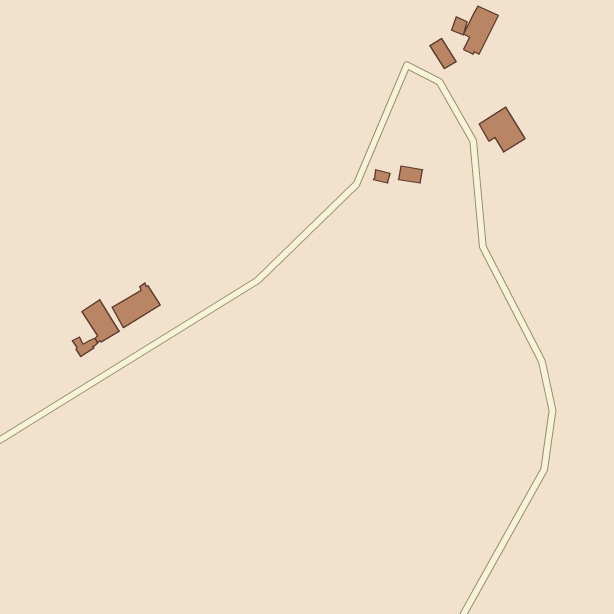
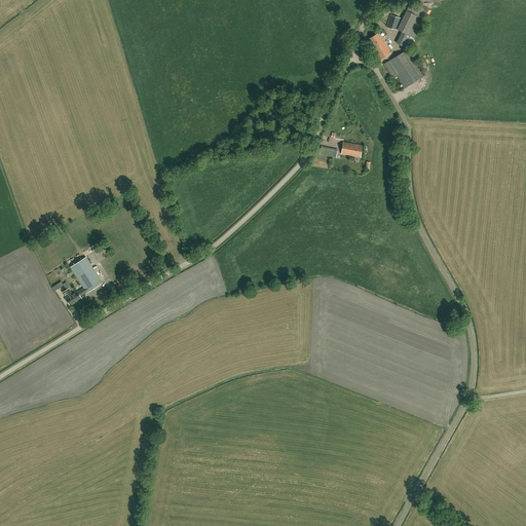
building: [479,107,525,152] -> [383,49,422,87]
building: [112,283,160,328] -> none

